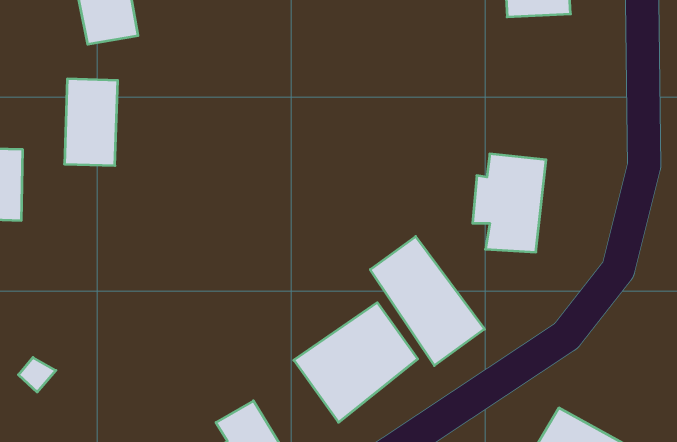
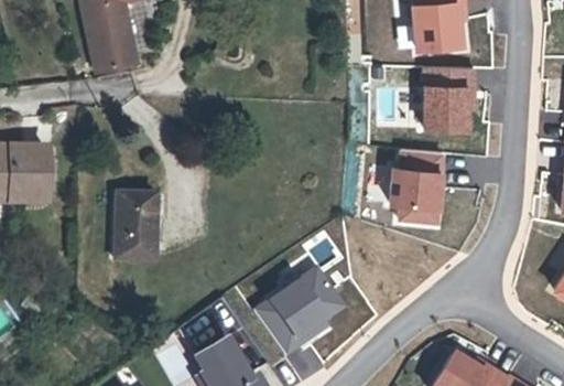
building: none -> [424,65,471,128]
building: [64,79,118,166] -> [113,194,154,260]
building: [370,236,485,366] -> none

